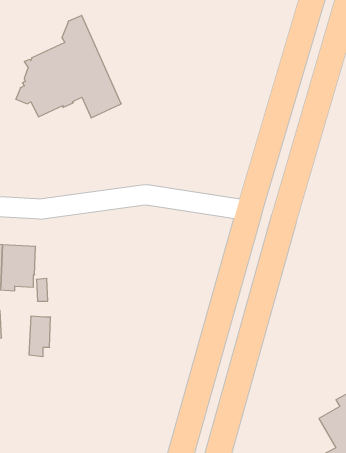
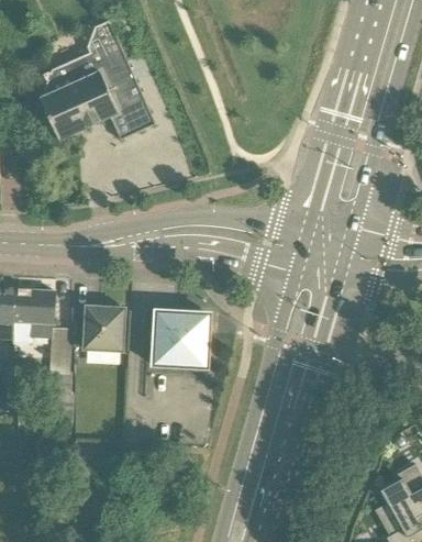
building: none -> [69,302,122,350]
building: none -> [151,310,208,368]

